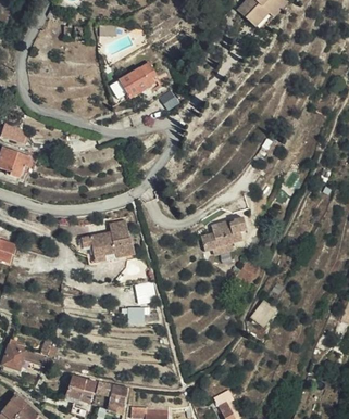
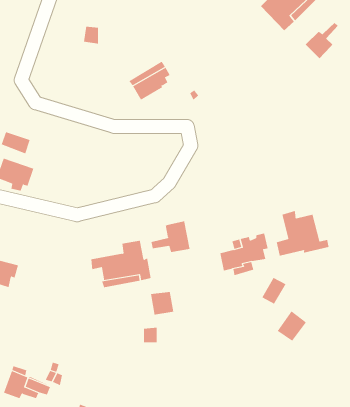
building: none -> [305,22,339,59]
building: none -> [276,210,329,256]
building: none -> [151,220,190,253]

